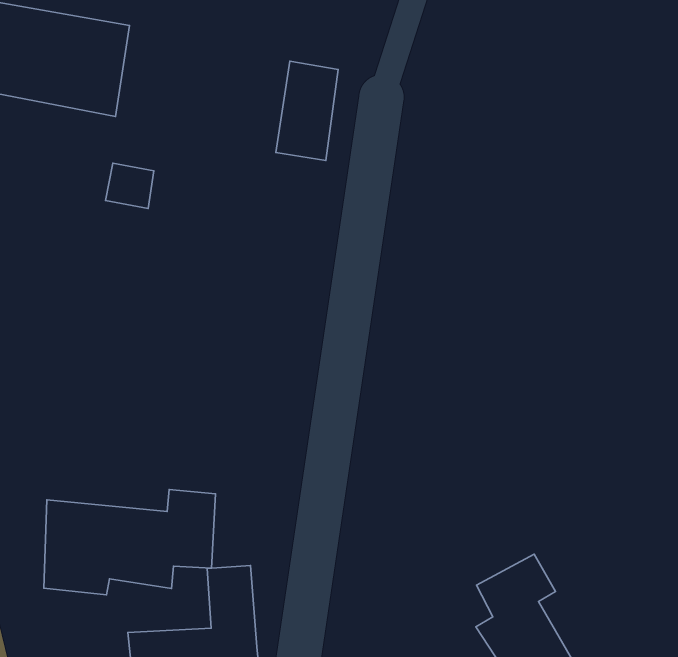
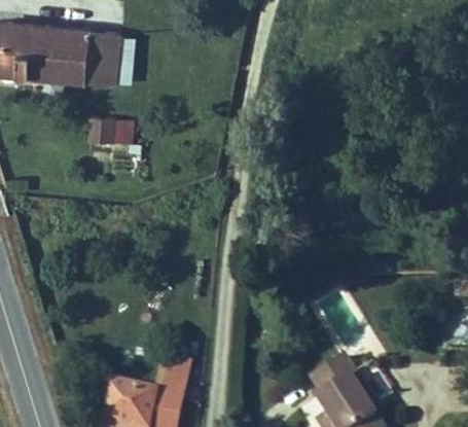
building: [276,61,338,161] -> [88,37,121,93]
building: [44,489,215,595] -> none

